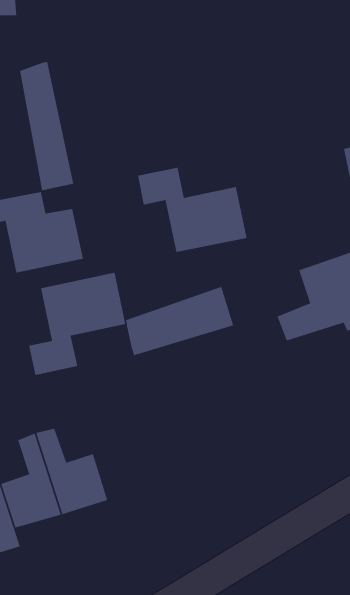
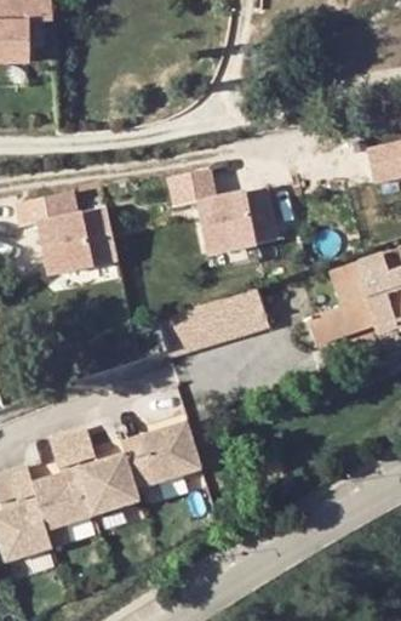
building: [19,61,74,191] -> none
building: [28,272,126,376] -> none
building: none -> [122,422,202,489]

